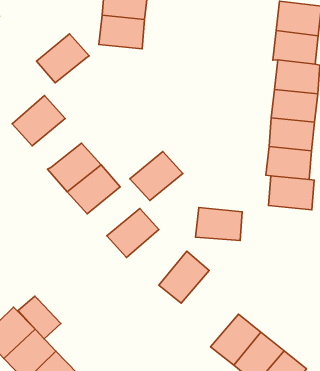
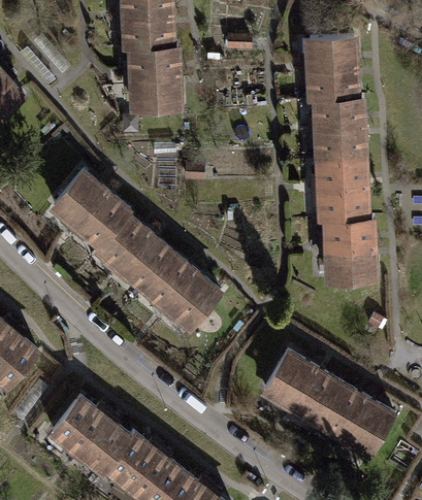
building: [36,34,89,83] -> [75,192,129,244]
building: [130,152,183,201] -> [142,254,196,306]
building: [196,208,242,241] -> [328,248,376,281]
building: [159,251,209,303] -> [264,351,314,405]
building: [18,296,61,339] -> none

